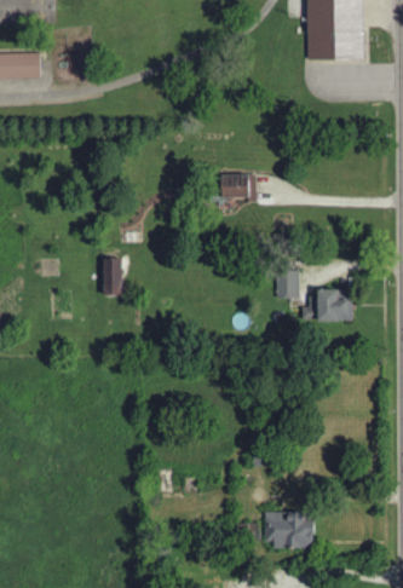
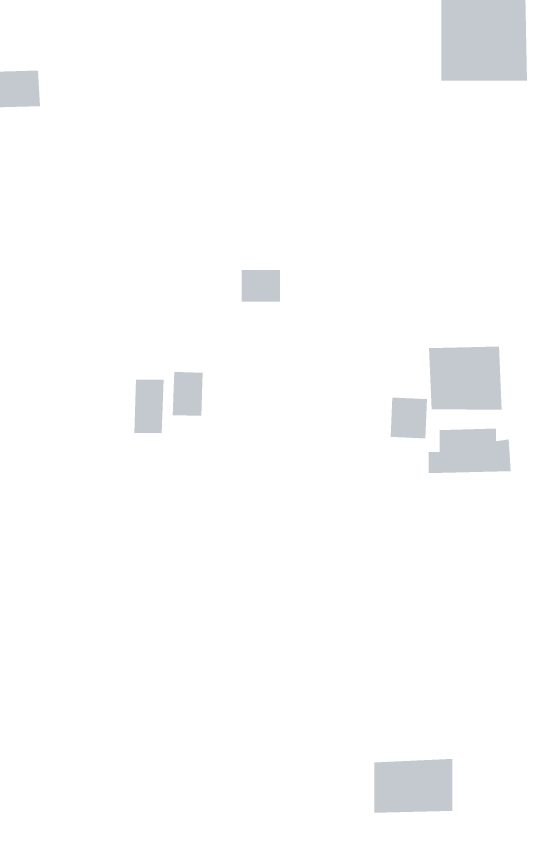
building: [230,175,257,197] -> [241,270,281,302]
building: none -> [429,346,502,410]
building: none -> [172,371,203,417]

